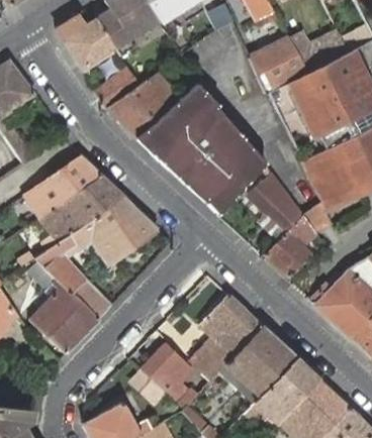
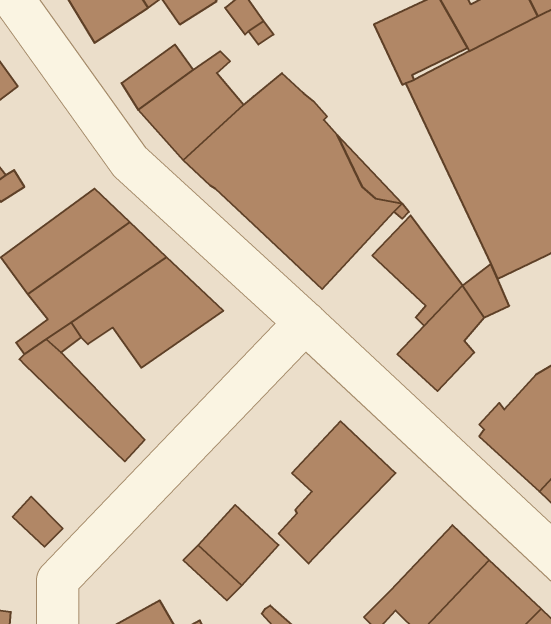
building: [29,260,99,354] -> none
building: [225,326,297,397] -> none

